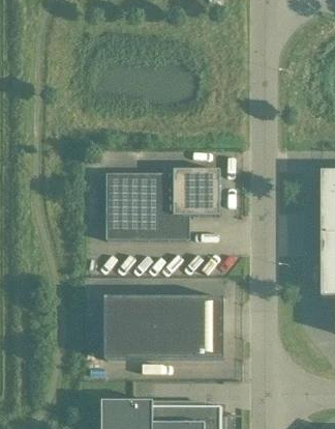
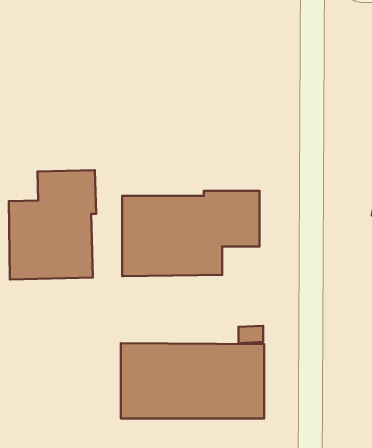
building: none -> [9,170,96,279]

